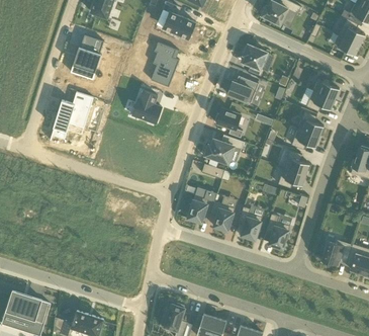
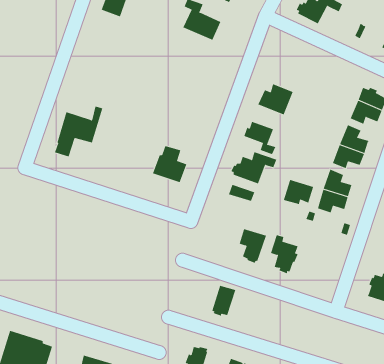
building: [70,34,103,79] -> none
building: [150,41,178,87] -> none
building: [241,45,266,76] -> none
building: [130,91,161,123] -> [152,145,187,183]
building: none -> [283,179,314,205]
building: [186,195,207,223] -> [211,285,236,317]
building: [264,214,288,249] -> none

